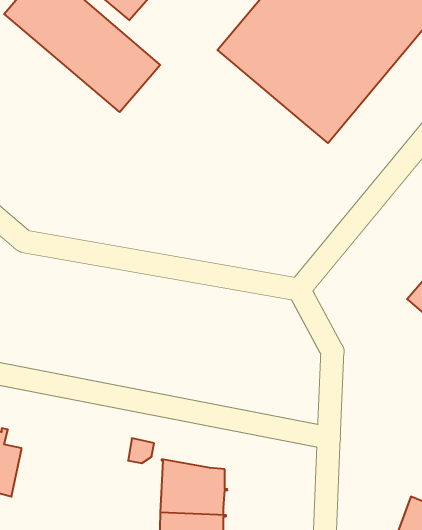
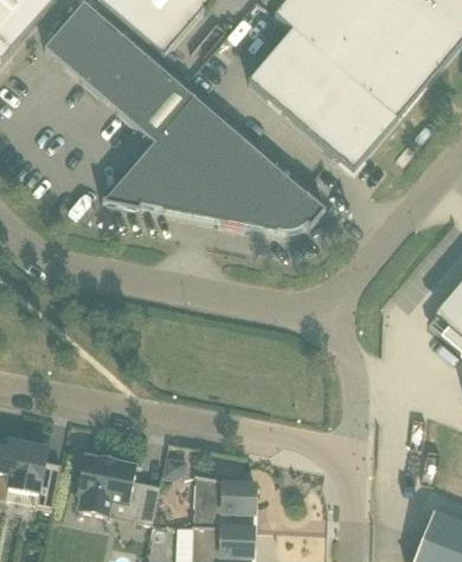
building: none -> [102,96,325,230]
building: none -> [77,454,160,522]

